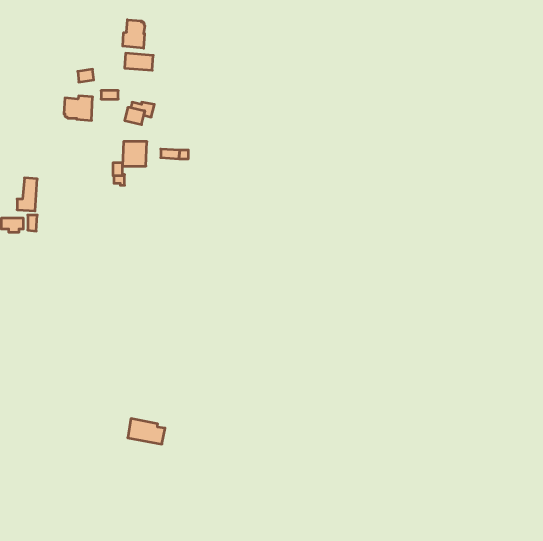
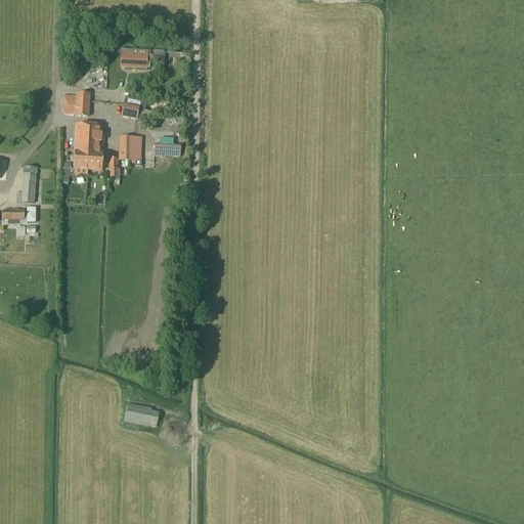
building: [123,20,145,48] -> none
building: none -> [62,124,103,183]

